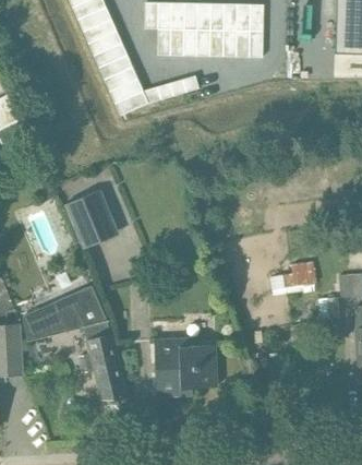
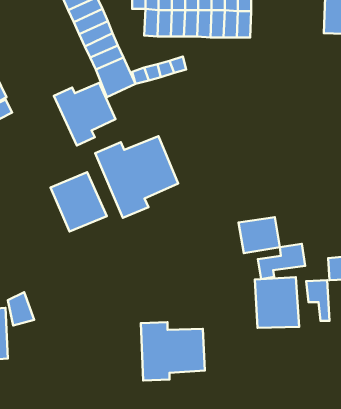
building: none -> [54,83,116,145]
building: none -> [95,136,178,218]
building: none -> [238,217,280,253]
building: [53,285,128,404] -> none
building: none -> [255,277,299,328]

